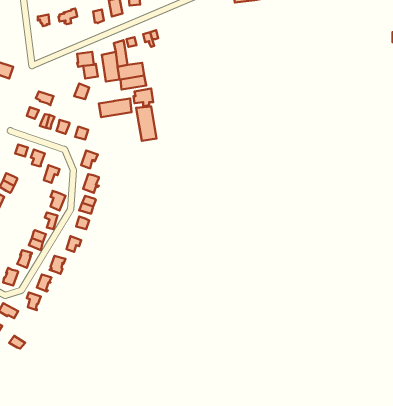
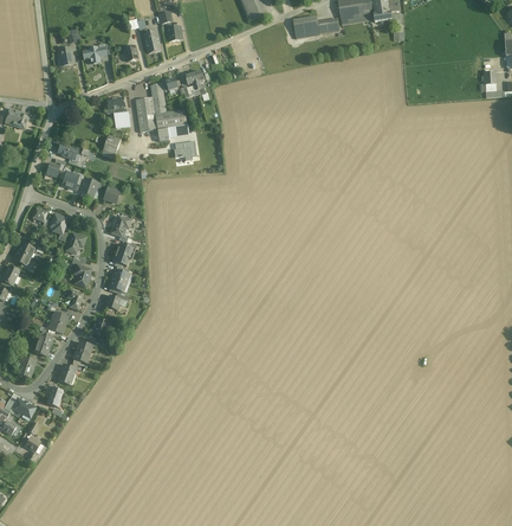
building: [99,98,131,117] -> none
building: [136,106,156,141] -> none

